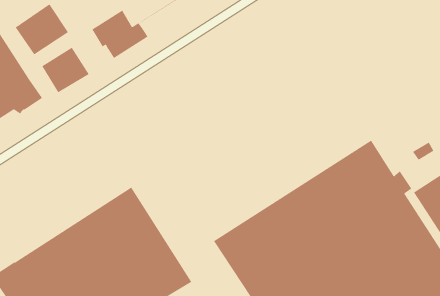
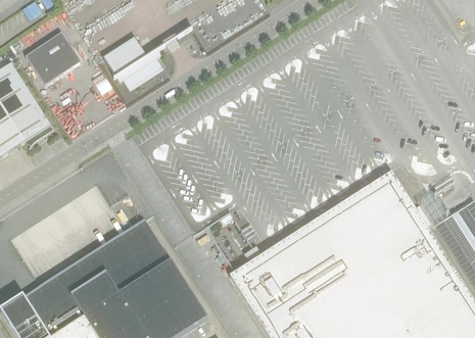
building: [41,47,89,93] -> none

